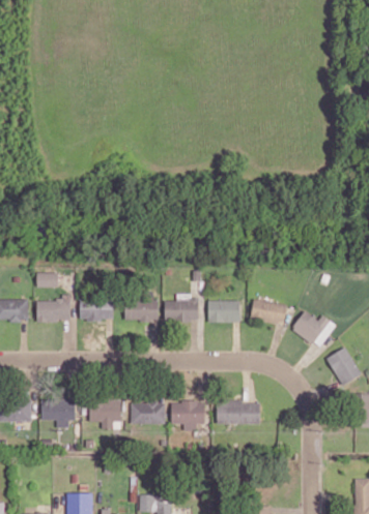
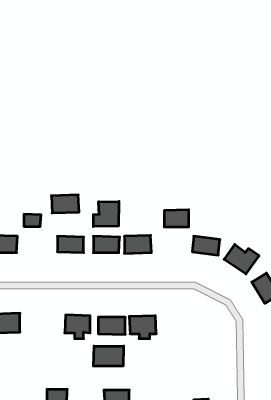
building: none -> [93,201,119,227]
building: [36,299,72,322] -> [51,195,79,213]
building: [208,300,239,322] -> [164,210,189,227]
building: [41,400,76,427] -> none
building: [217,400,260,424] -> none
building: none -> [93,346,124,366]

